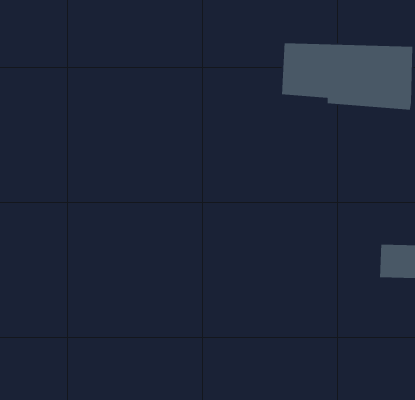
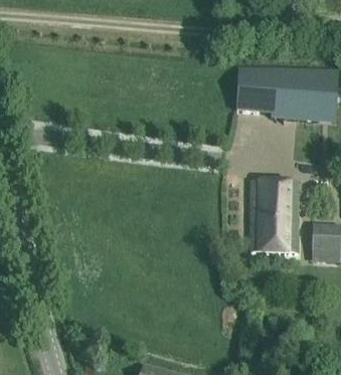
building: none -> [249,178,297,250]

